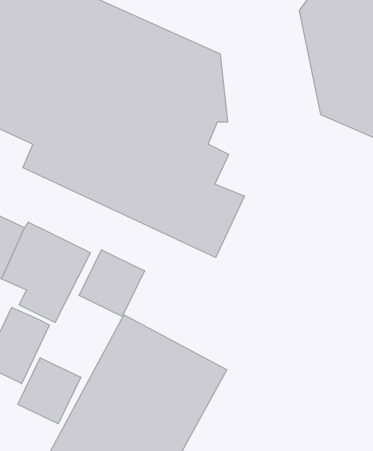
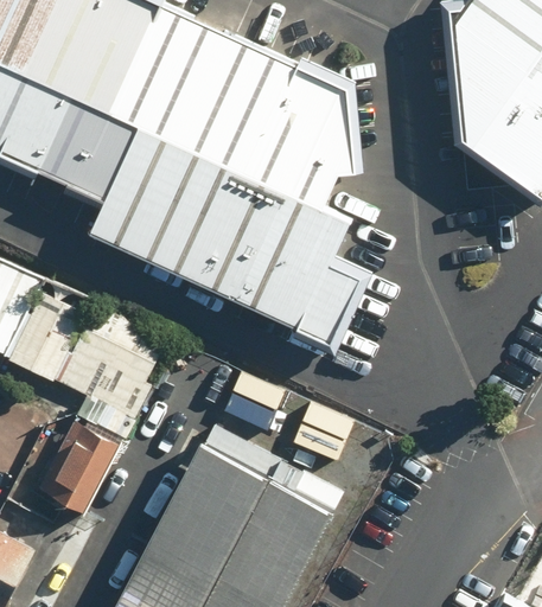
building: [79,250,145,316] -> none
building: [18,358,81,424] -> none

